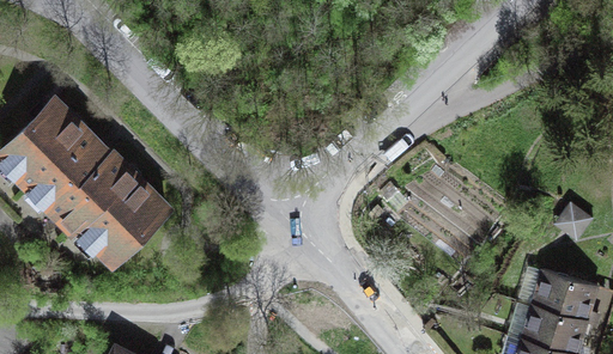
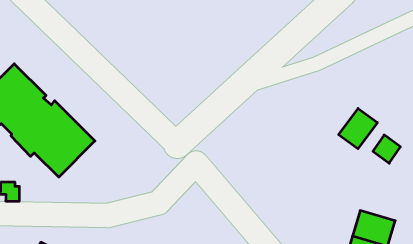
building: none -> [339,108,377,149]
building: [536,270,595,319] -> none

